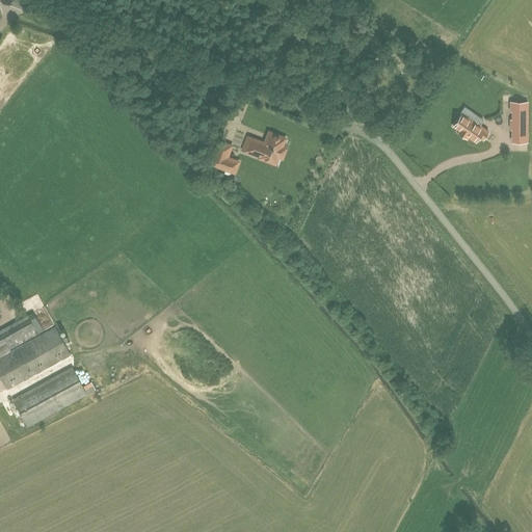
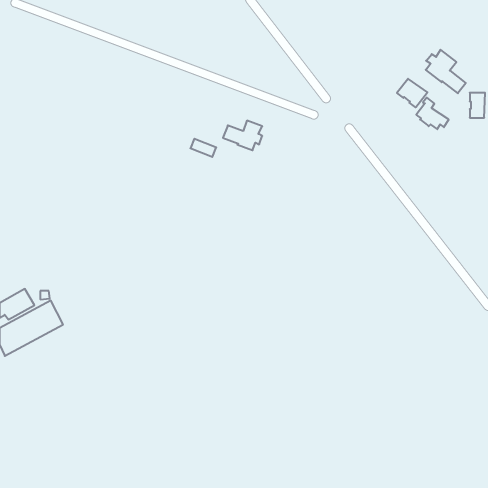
building: none -> [426,50,466,93]
building: none -> [397,79,427,107]
building: [12,366,86,425] -> none

